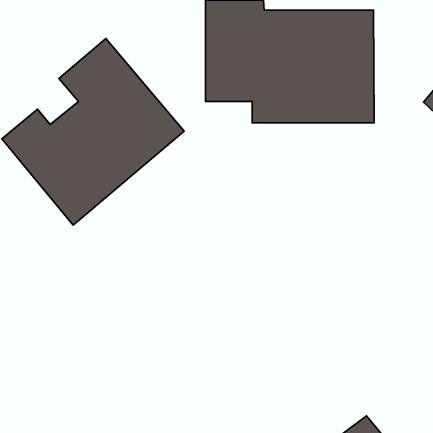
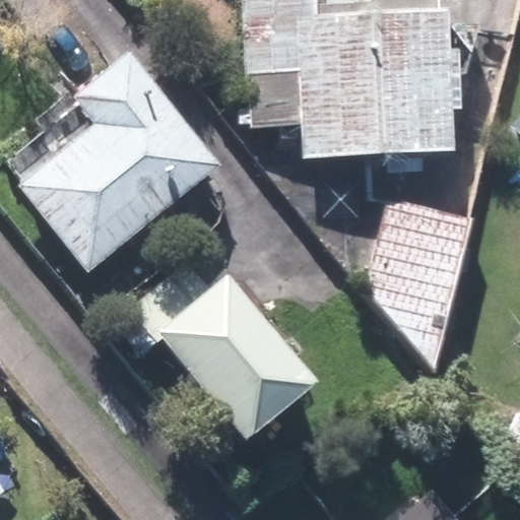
building: none -> [368,200,471,365]
building: none -> [110,261,319,444]

